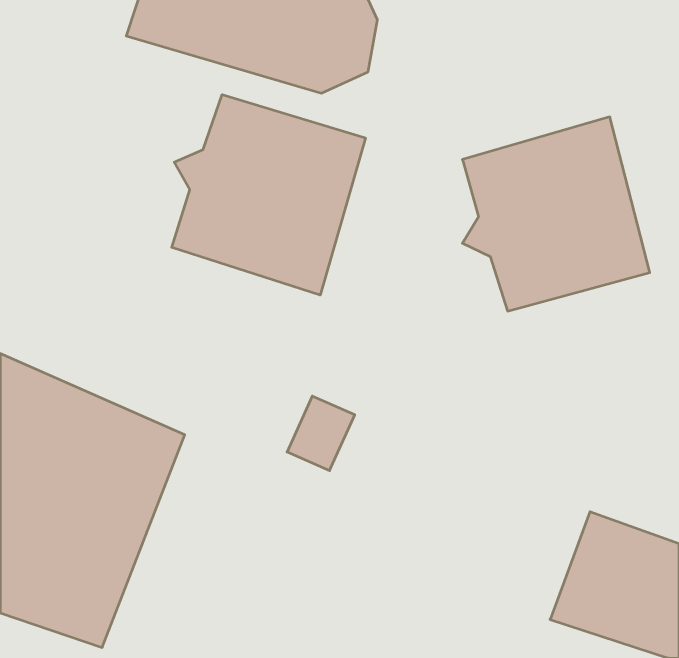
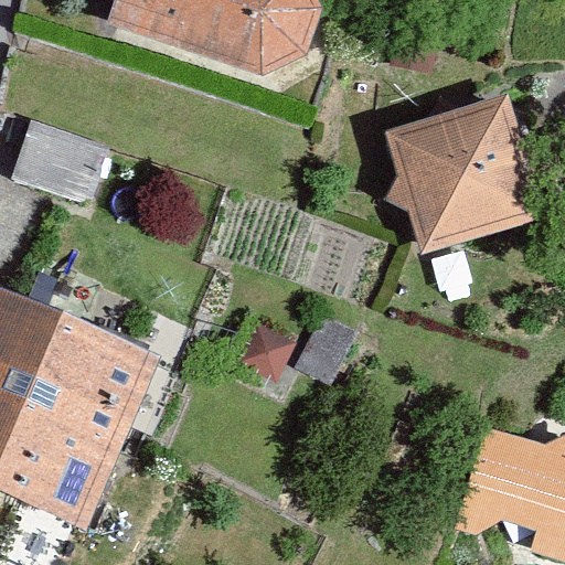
building: [172,95,365,295] -> none
building: none -> [13,117,104,198]

